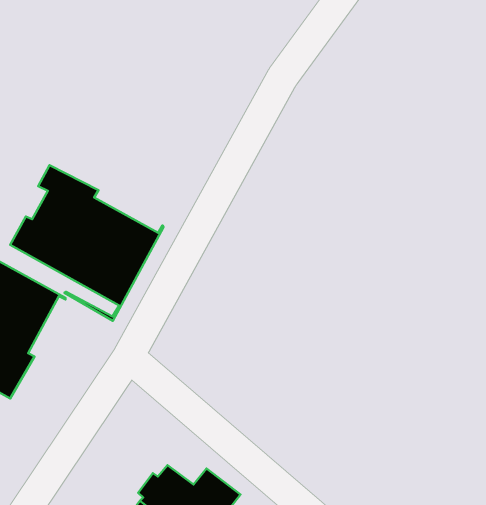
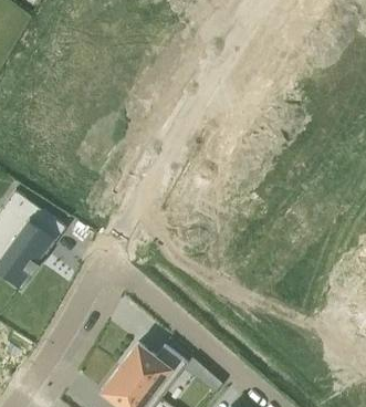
building: [10,165,163,321] -> none

